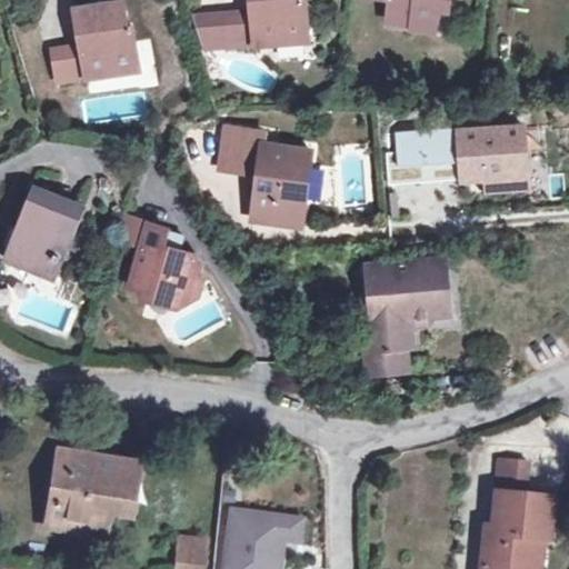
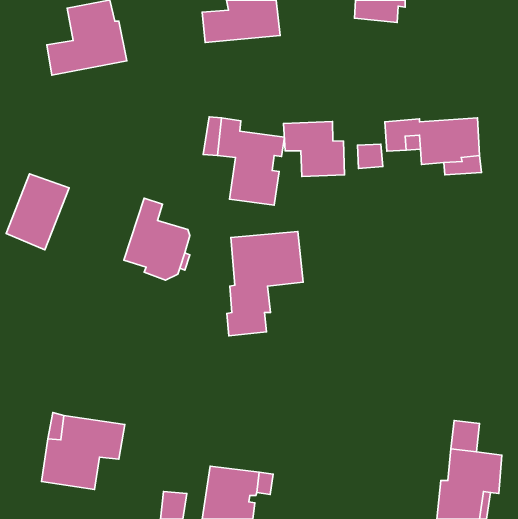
building: [192,13,224,50] -> none
building: none -> [283,122,344,177]
building: [363,259,447,373] -> [227,231,303,336]

